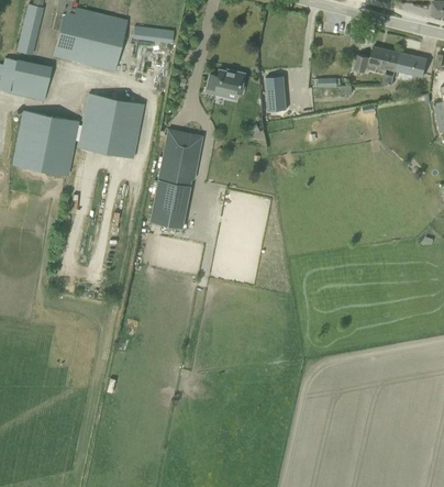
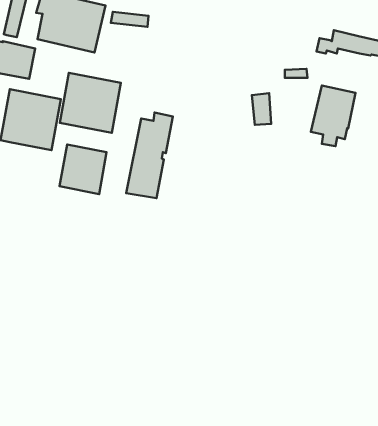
building: [207,69,245,97] -> none
building: [266,76,287,110] -> [252,93,271,125]
building: none -> [311,85,356,146]
building: none -> [60,145,107,194]

